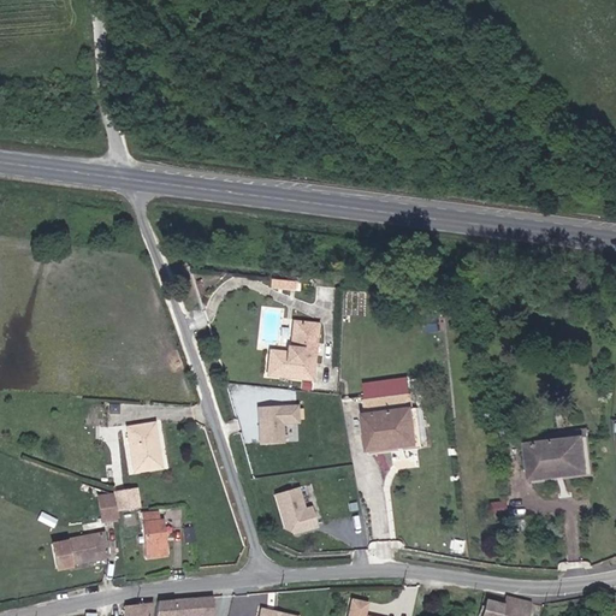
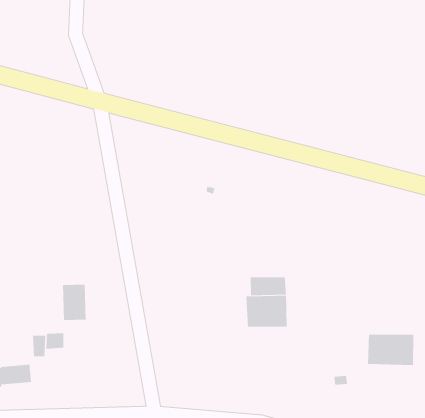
building: [272,319,321,378] -> none
building: [254,404,295,443] -> none
building: [270,485,315,534] -> none
building: [141,511,168,559] -> none

